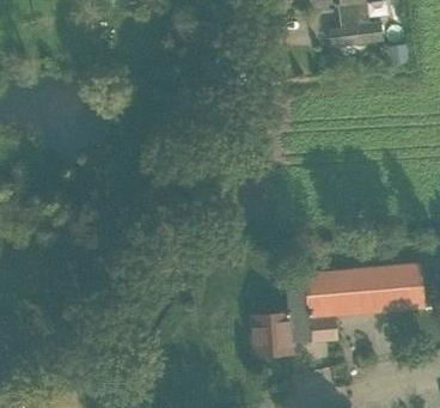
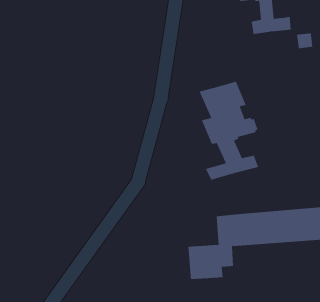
building: none -> [199,81,259,181]

